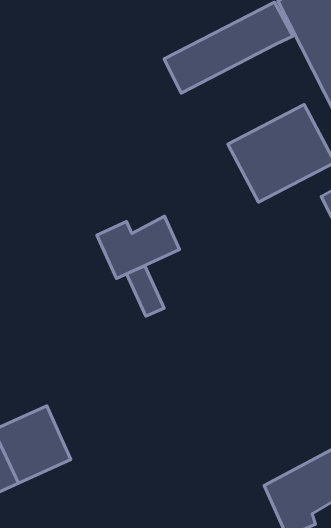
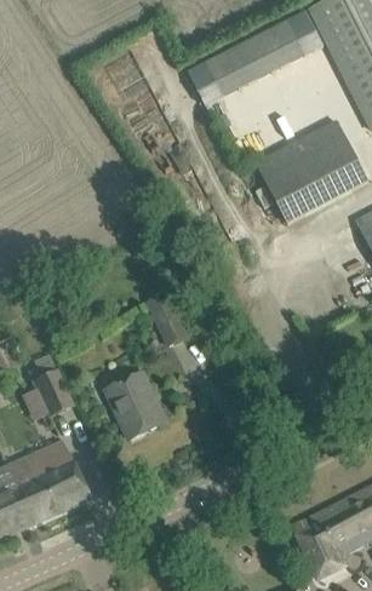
building: [97,216,179,279] -> none
building: none -> [32,352,73,414]
building: none -> [109,372,166,437]

